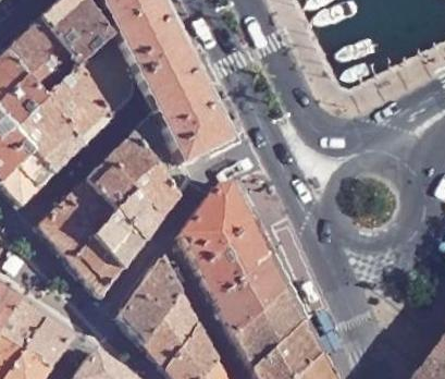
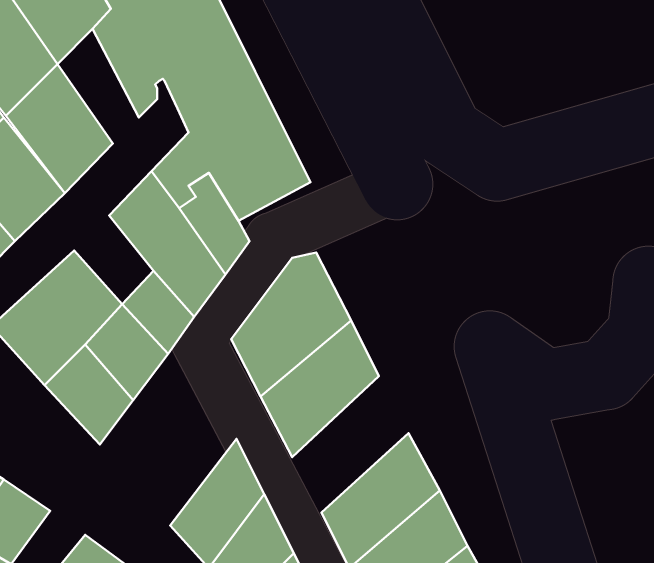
building: [88,159,135,211] -> none
building: [121,254,184,342] -> none
building: [217,254,285,334] -> none

